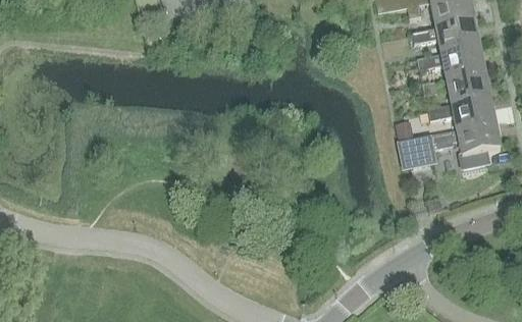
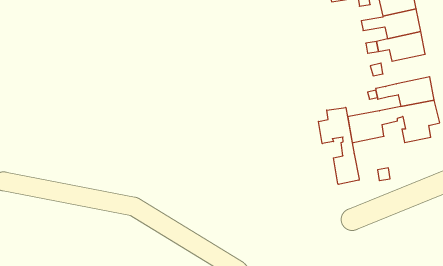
building: [447,70,489,104] -> none
building: none -> [318,107,359,184]

